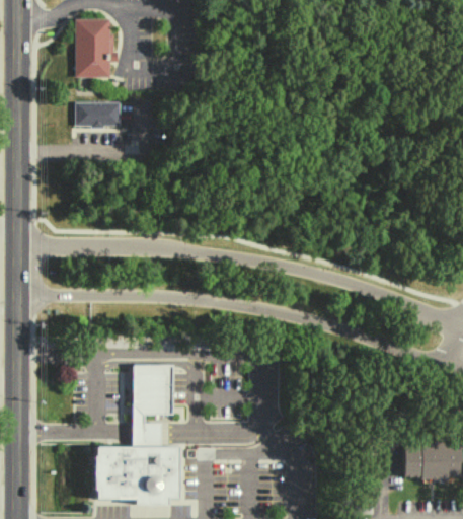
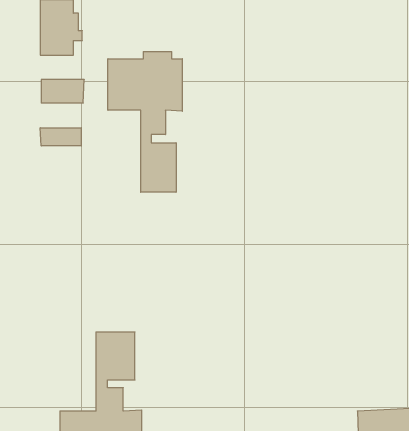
building: none -> [108,52,182,192]
building: none -> [40,128,81,146]

